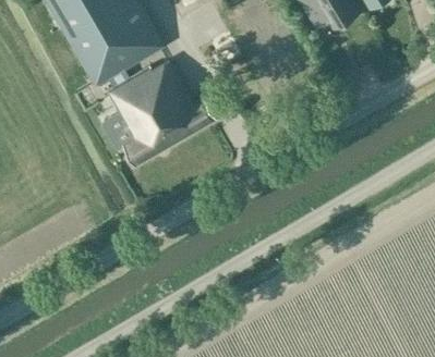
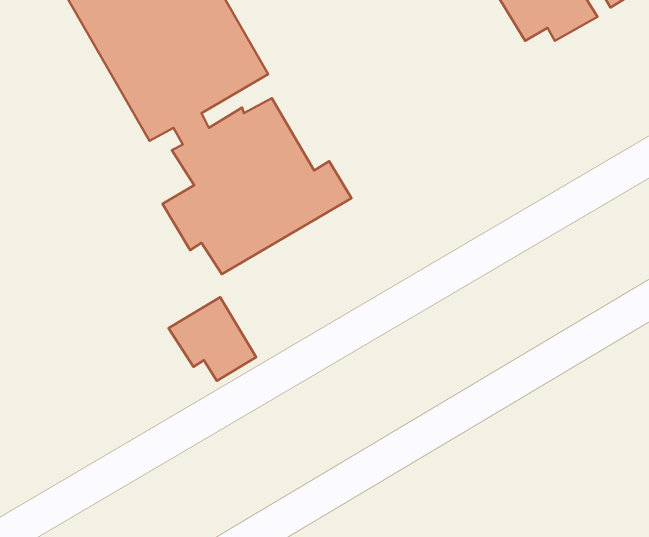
building: none -> [169,297,256,381]

